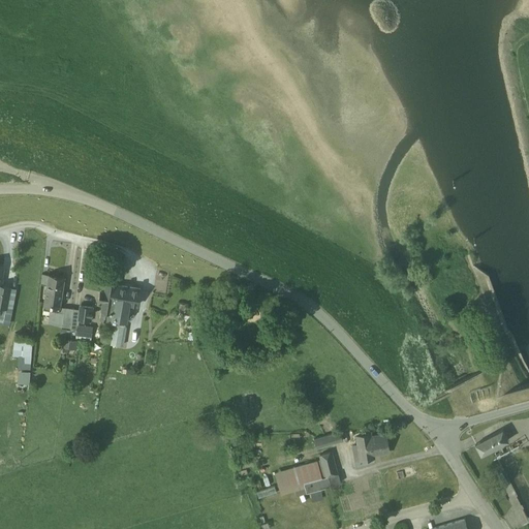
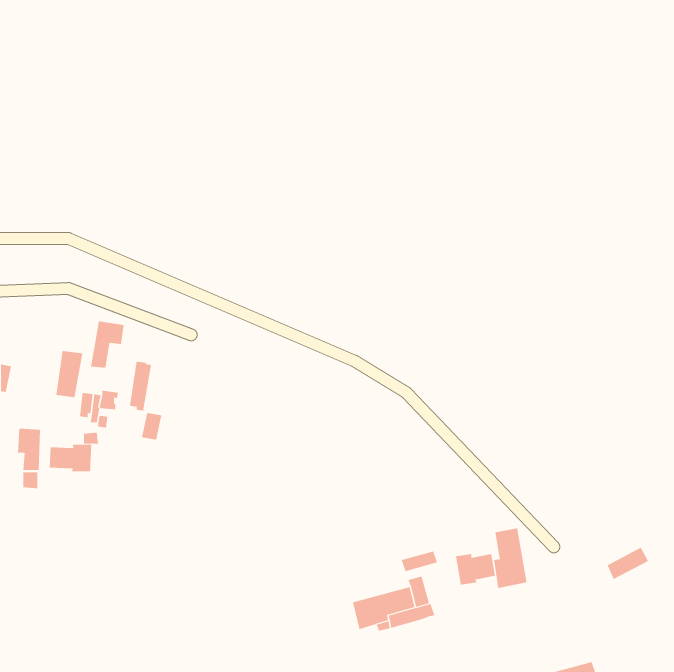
building: [113,287,139,324] -> [90,321,125,368]
building: none -> [49,444,92,472]
building: none -> [494,527,527,589]

